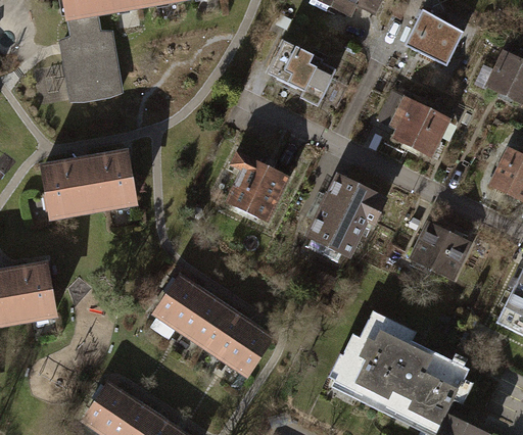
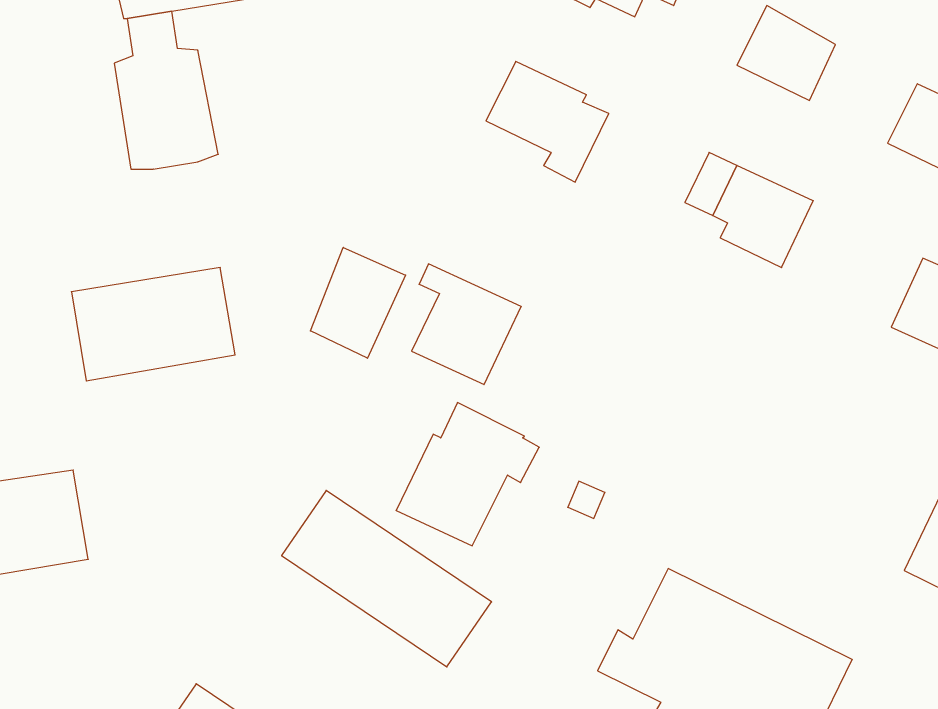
building: none -> [310,247,406,358]
building: [306,177,385,255] -> [396,403,539,546]
building: [414,225,469,277] -> none

